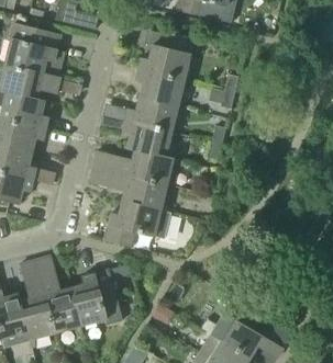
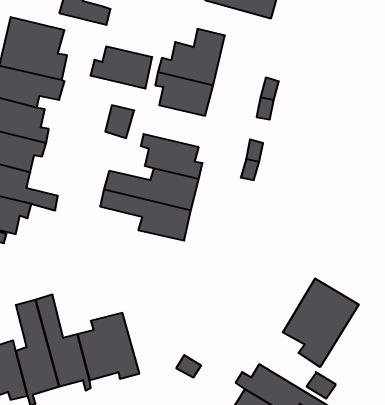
building: [125,97,177,132] -> [90,47,152,89]
building: [104,201,159,247] -> none
building: none -> [283,278,359,367]

